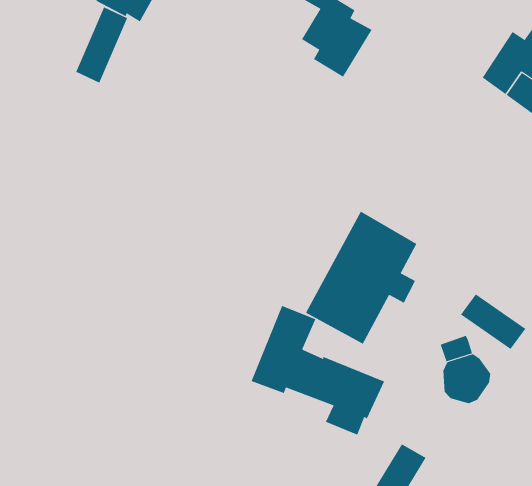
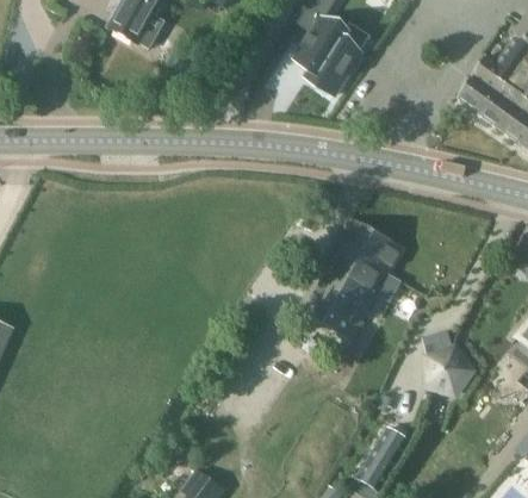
building: [76,7,128,83] -> none
building: [460,294,526,350] -> none
building: [251,305,385,435] -> none

